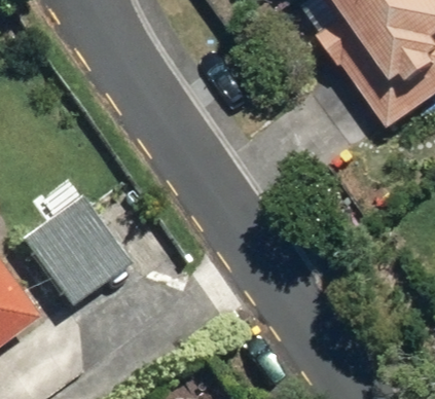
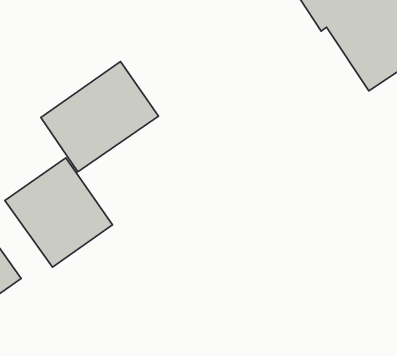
building: none -> [41,62,159,172]

